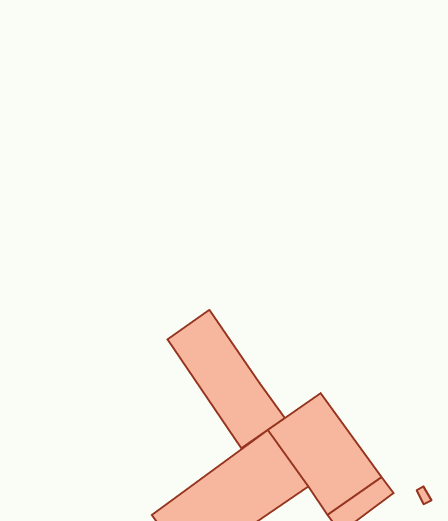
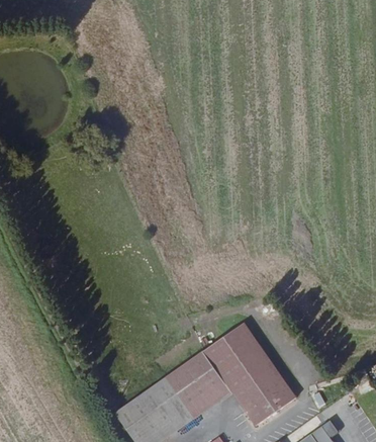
building: [167,310,285,448] -> none

